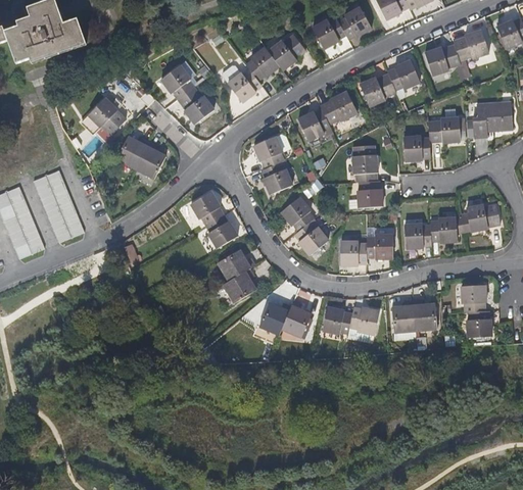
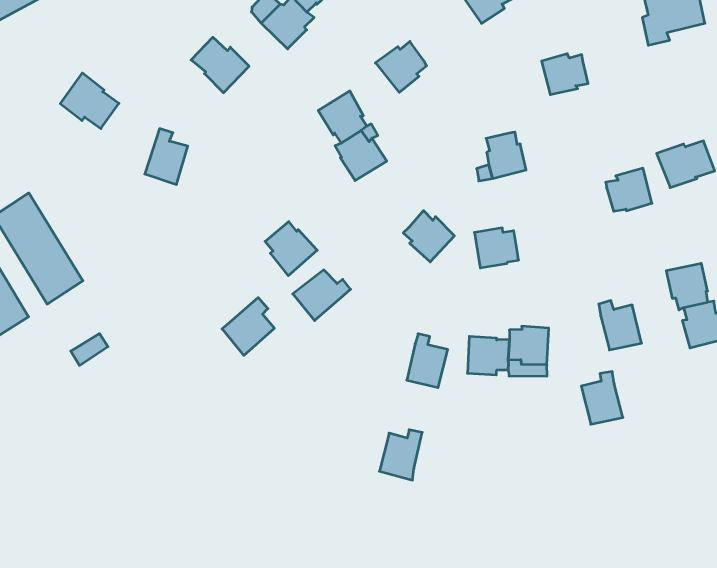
building: [160,64,193,99] -> none
building: [318,92,355,125] -> none
building: [427,115,460,141] -> none
building: [116,135,149,167] -> none
building: [351,145,376,181] -> none
building: [190,190,223,224] -> none
building: [282,196,315,230] -> none
building: [406,223,433,248] -> none
building: [367,234,393,258] -> none
building: [224,266,257,302] -> [222,298,274,355]
building: [392,299,416,331] -> [581,372,623,424]
building: [259,302,291,335] -> [379,430,422,480]

